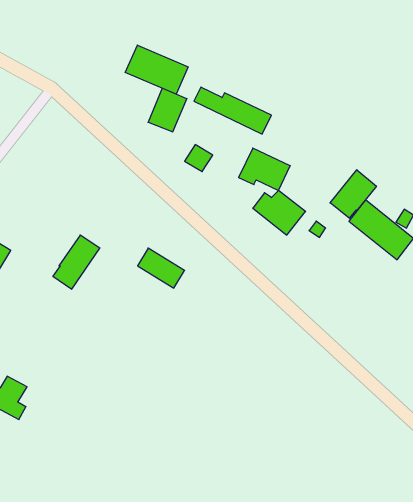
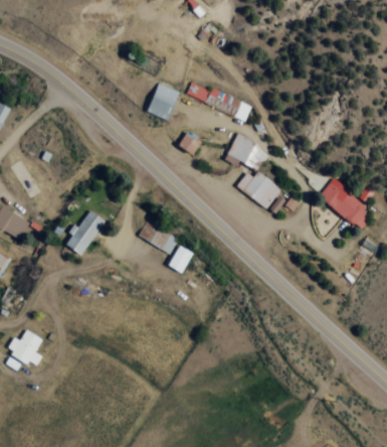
building: [125,45,188,94] -> none
building: [330,170,376,218] -> none
building: none -> [168,245,193,273]

